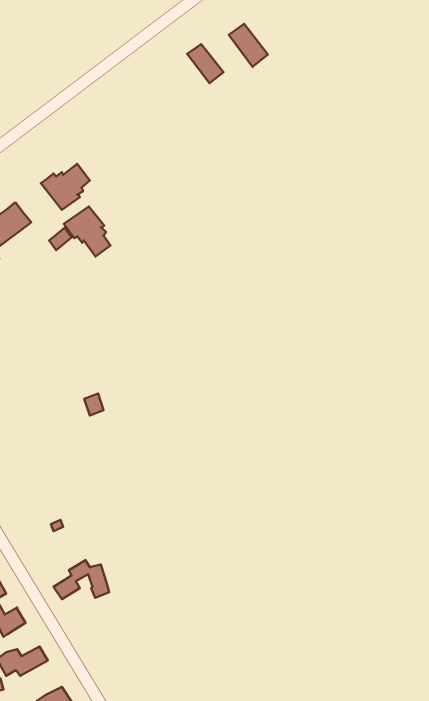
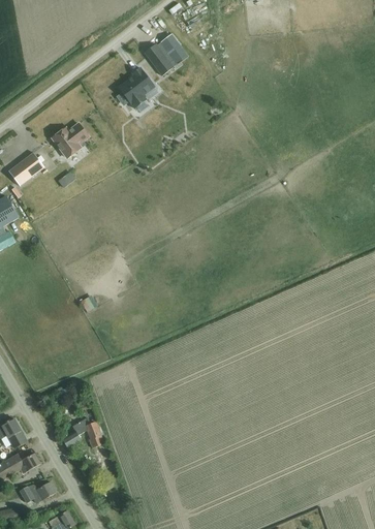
building: [229,24,268,67] -> [145,43,174,75]
building: none -> [119,67,155,107]
building: [64,206,110,257] -> none

